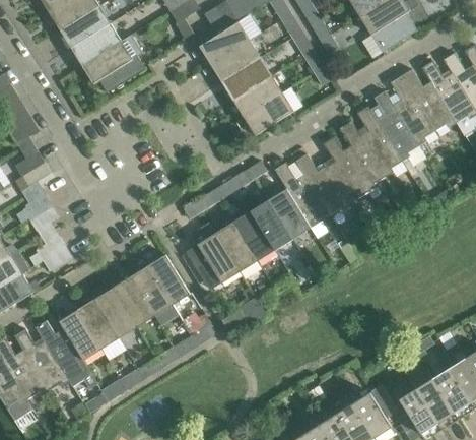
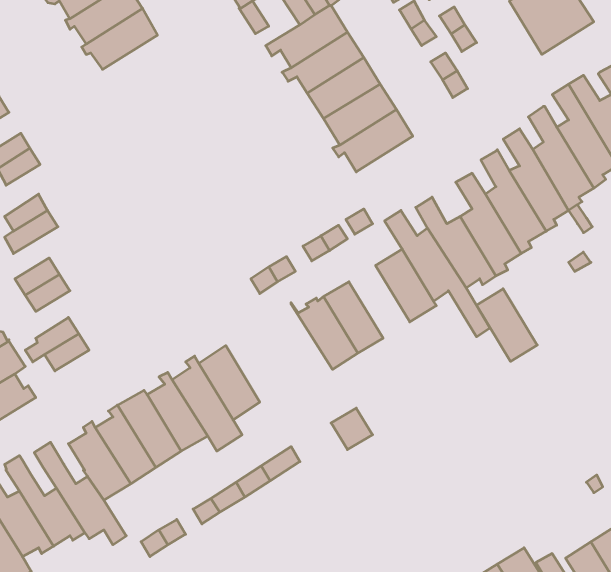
building: [82,34,145,92] -> none
building: [251,198,292,248] -> [476,289,537,361]
building: [187,225,240,288] -> none

